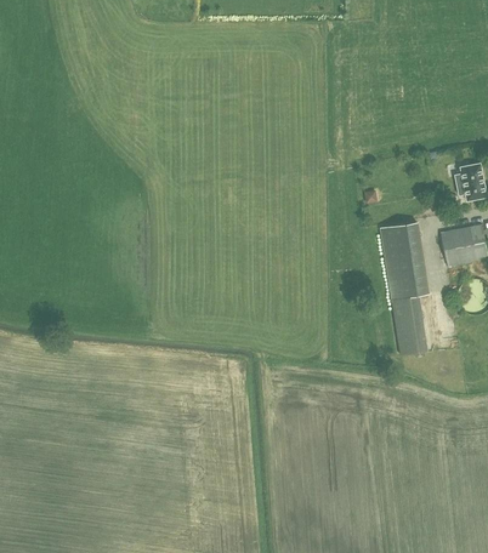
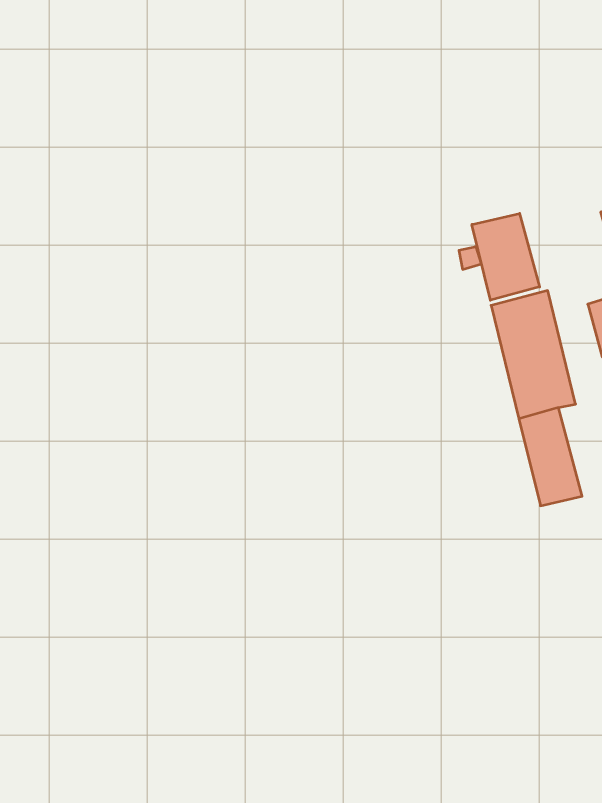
building: none -> [472,213,540,300]

